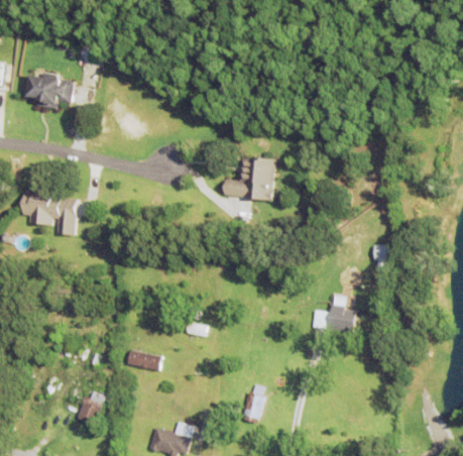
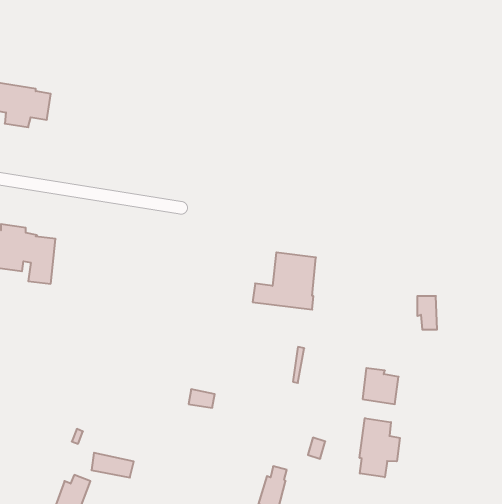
building: [223,153,274,200] -> [253,252,316,310]
building: none -> [360,418,400,477]
building: [127,349,161,369] -> [91,453,134,478]

